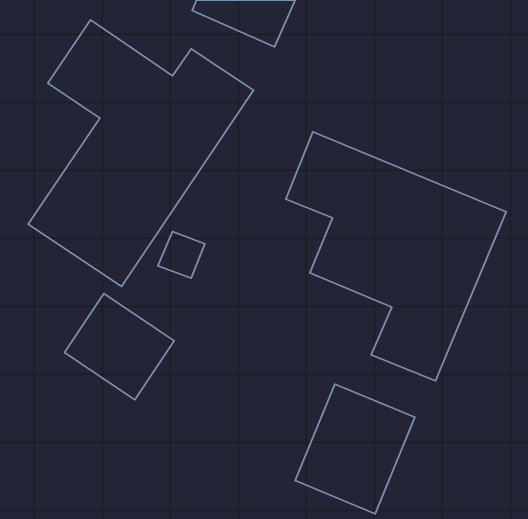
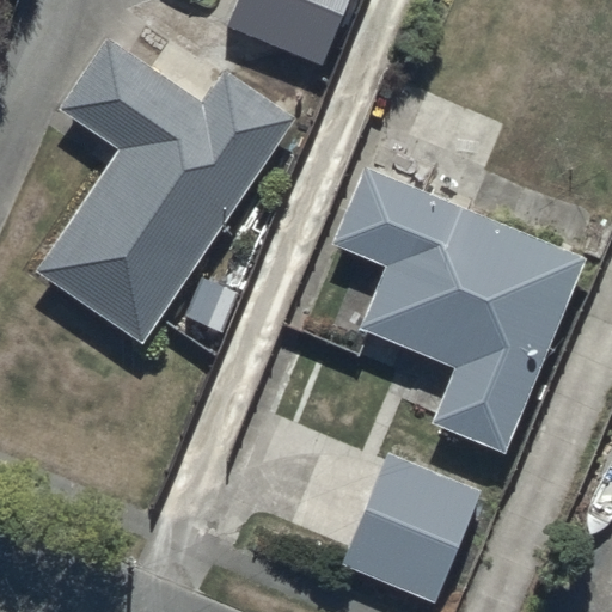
building: [64,294,174,400] -> none

